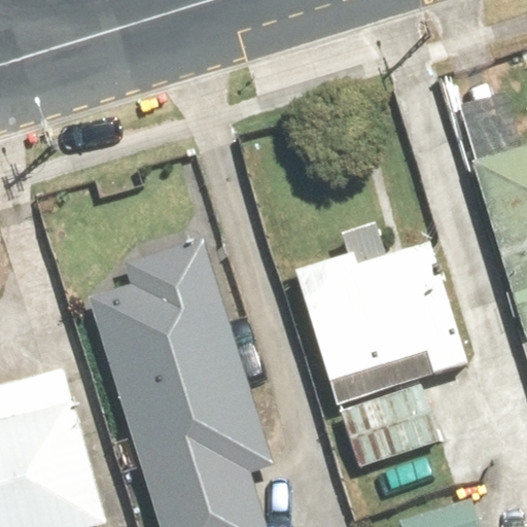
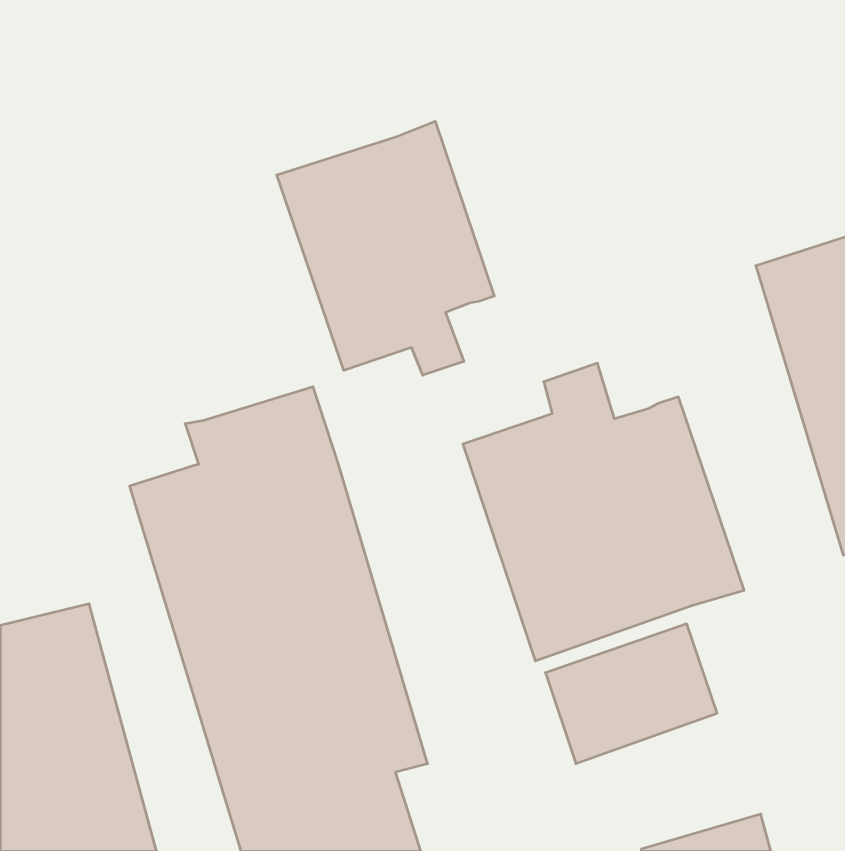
building: none -> [277,121,494,375]

